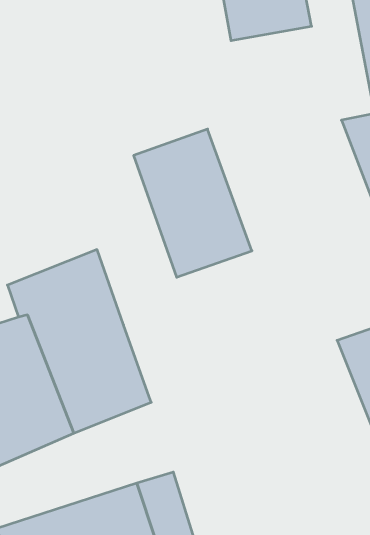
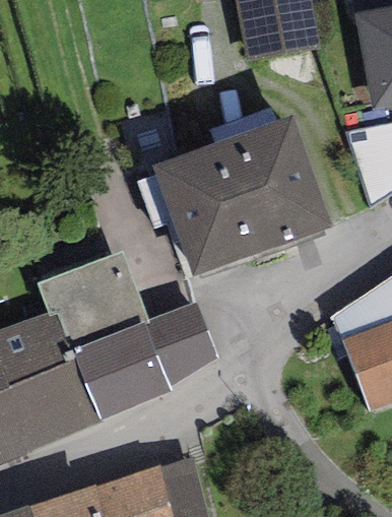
building: none -> [221,116,330,252]
building: none -> [144,301,216,386]

